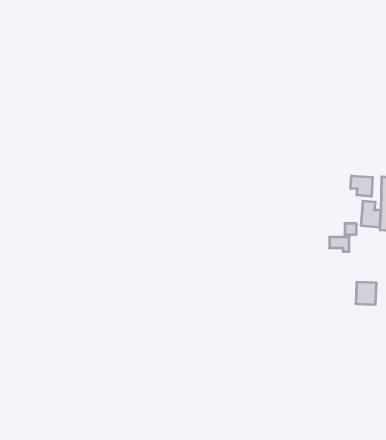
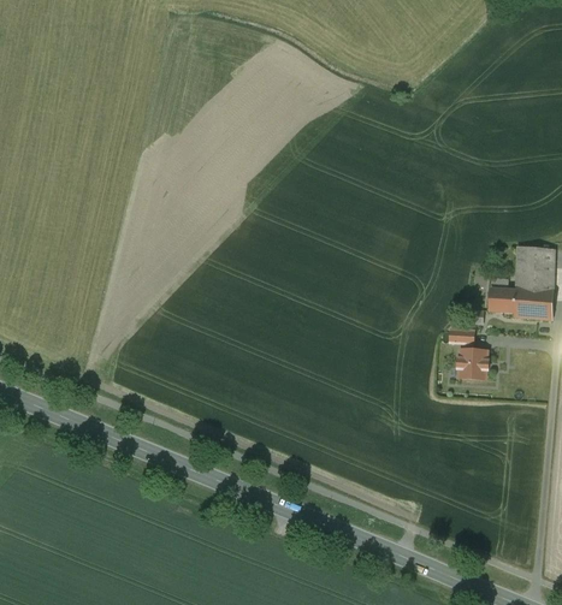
building: [351,176,373,197] -> none
building: [356,282,376,305] -> [459,349,486,379]

